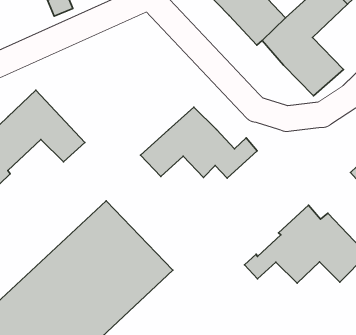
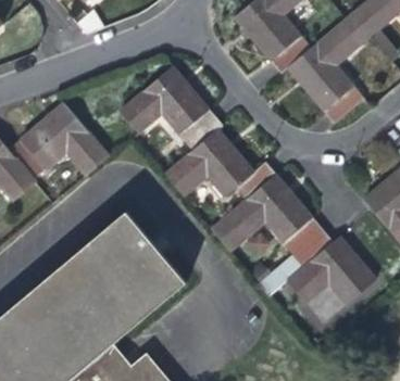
building: none -> [122,68,221,148]
building: none -> [209,173,322,253]

